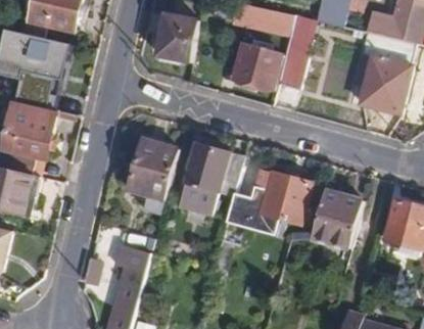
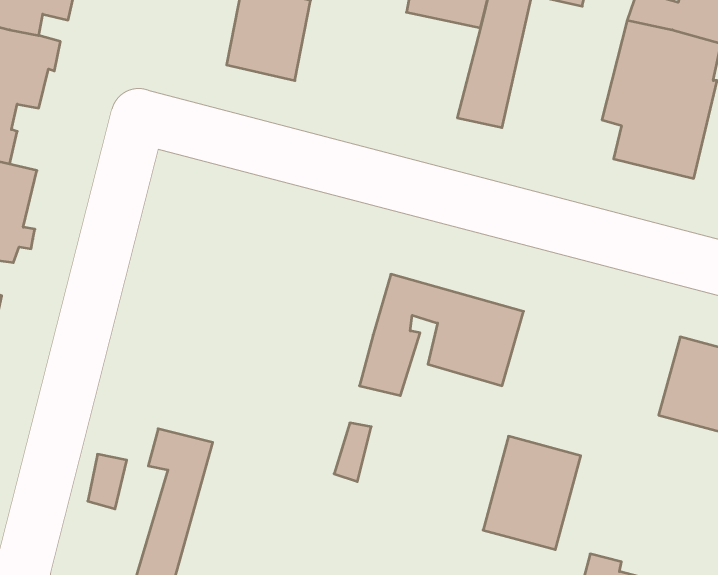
building: [231,41,282,90] -> none
building: [127,137,179,201] -> none
building: [177,143,243,217] -> none
building: [311,189,362,248] -> [483,436,581,550]

